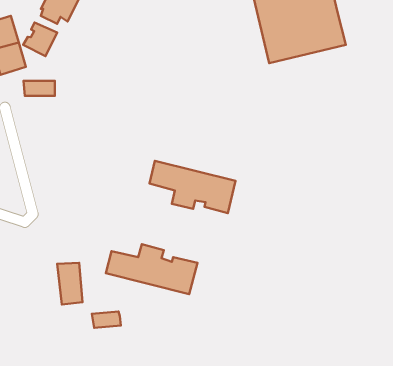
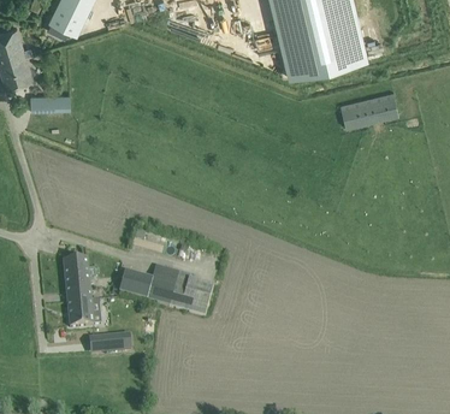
building: [23,23,57,56] -> none
building: none -> [339,91,398,126]
building: [149,161,236,213] -> none
building: none -> [64,259,89,285]

